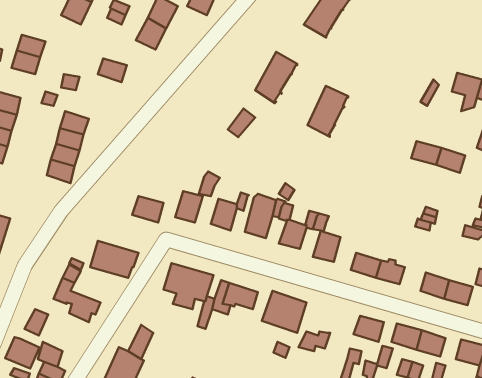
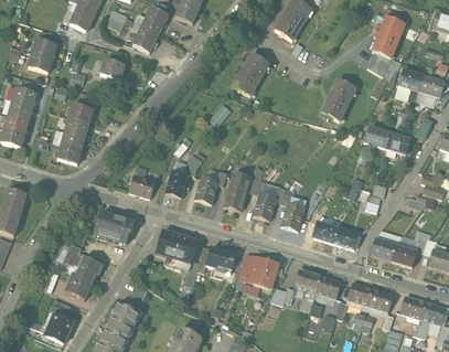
building: none -> [372,18,405,60]
building: [308,86,348,137] -> [321,79,355,122]
building: none -> [296,268,321,311]
building: [5,337,39,369] -> [64,271,93,298]

